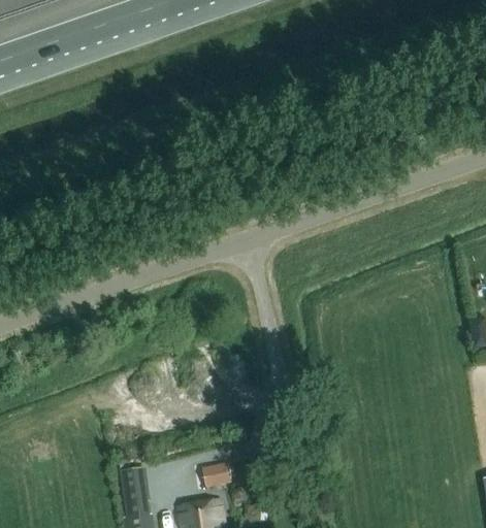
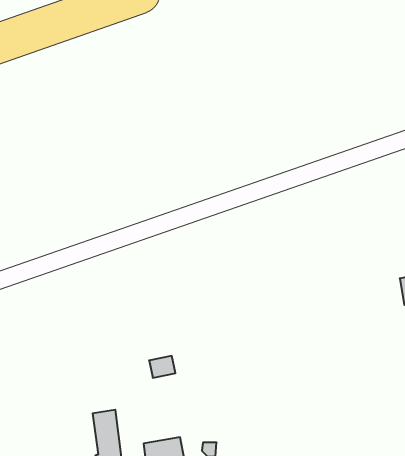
building: [201,463,231,488] -> [149,356,175,378]

